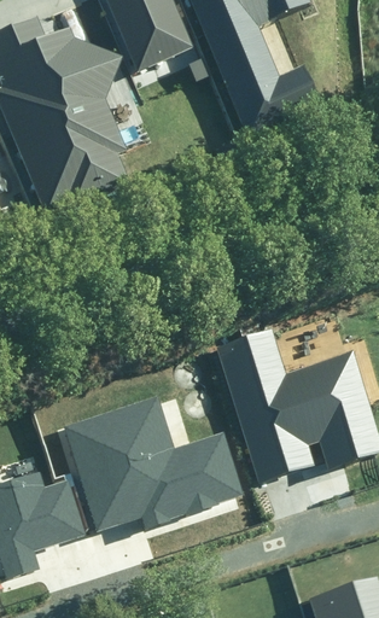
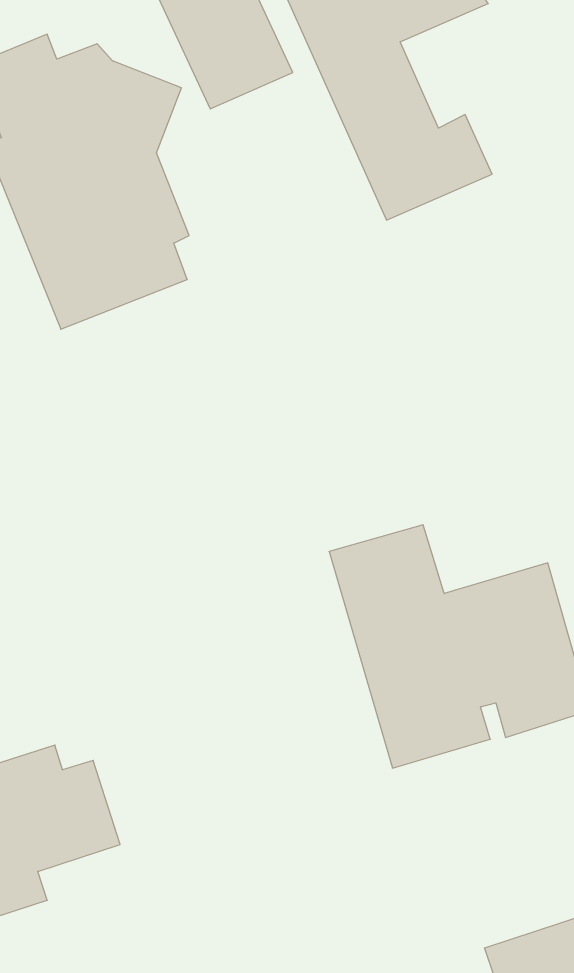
building: [65,395,245,530] -> none

